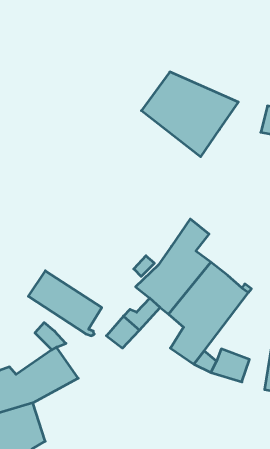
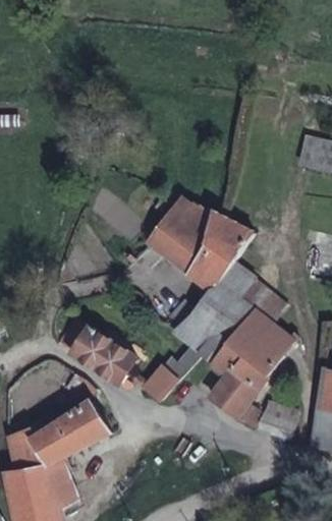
building: [141,72,238,157] -> [148,199,253,291]
building: none -> [238,278,287,323]

